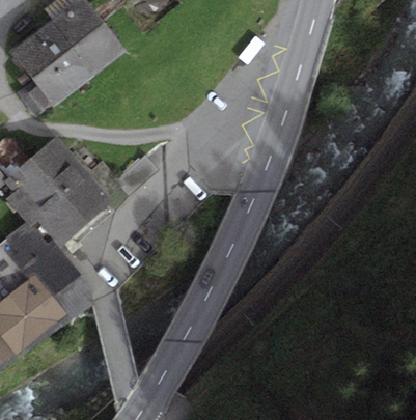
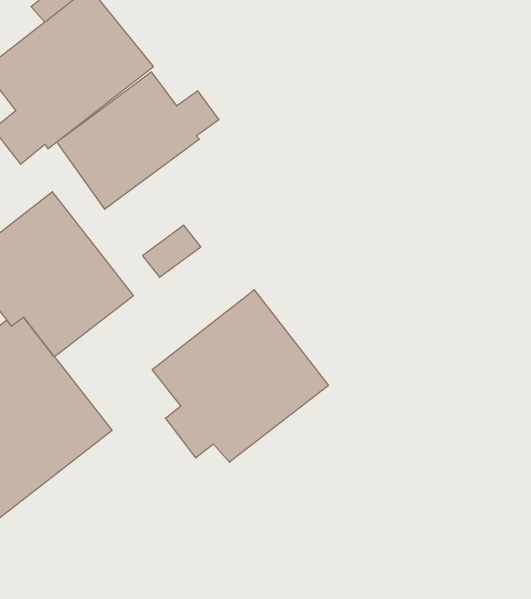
building: none -> [57,72,219,209]
building: none -> [152,290,328,462]

